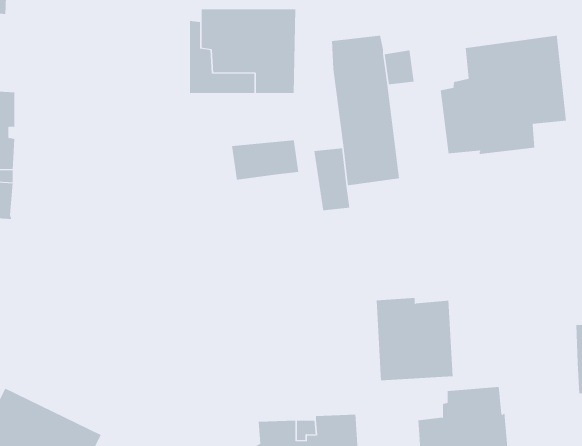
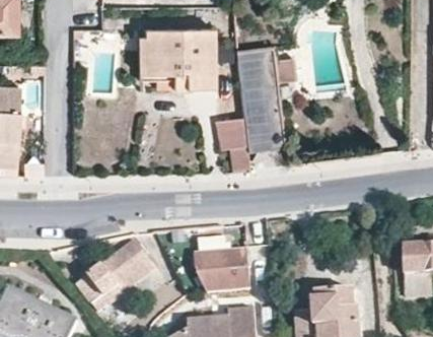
building: [440,35,566,155] -> none
building: [231,139,299,180] -> none
building: [376,297,453,381] -> [197,234,250,292]
building: none -> [78,241,155,309]

